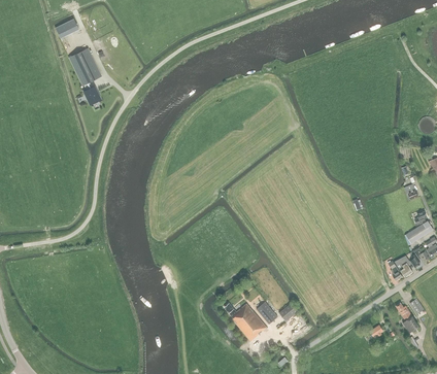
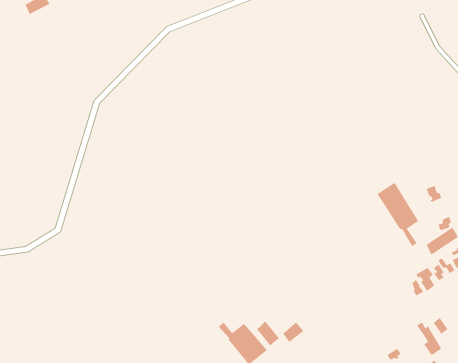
building: [69,47,101,102] -> none
building: none -> [376,182,419,247]

